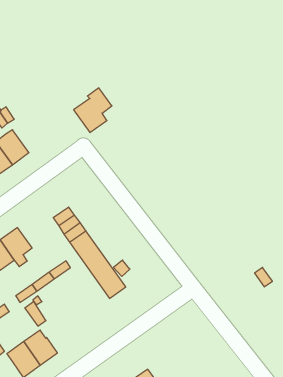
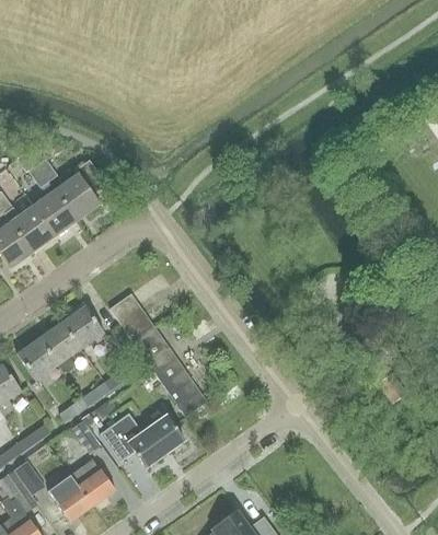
building: [74,88,112,133] -> [55,160,106,220]
building: none -> [61,304,104,348]
building: none -> [100,412,184,467]

